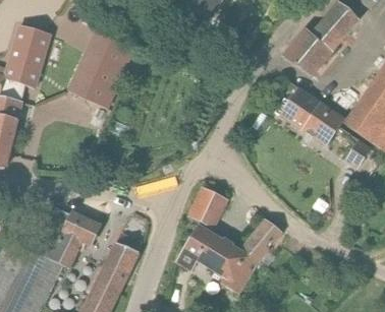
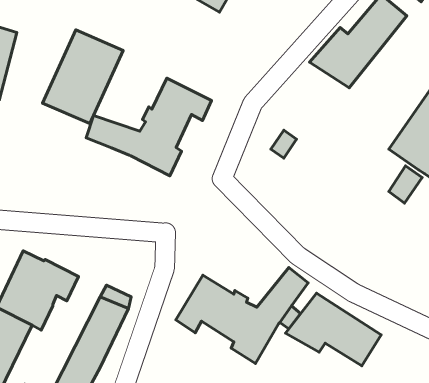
building: none -> [86,78,211,176]
building: [278,87,343,145] -> none
building: [187,186,227,228] -> none
building: none -> [286,293,381,366]

